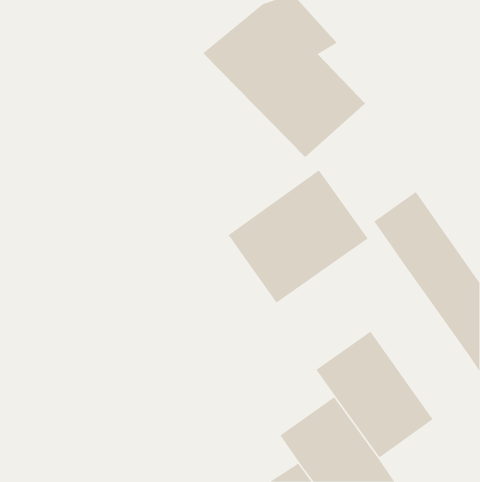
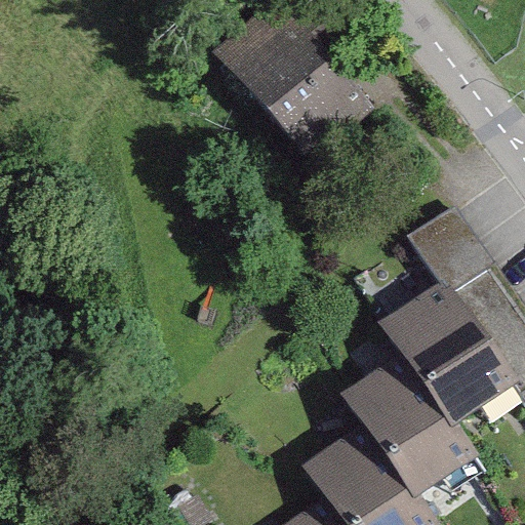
building: [228,170,368,303] -> none
building: none -> [377,285,504,423]

